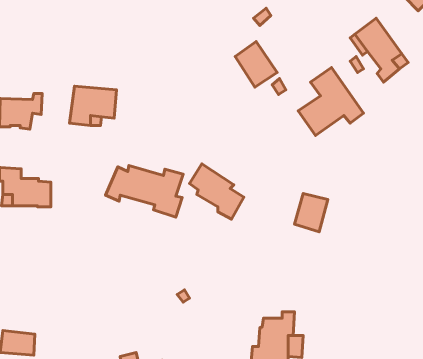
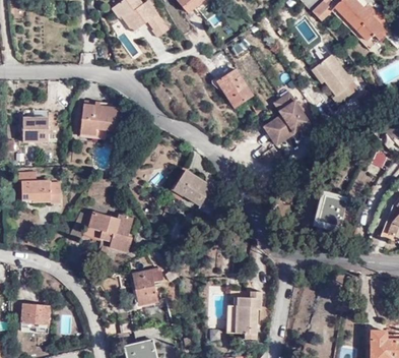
building: [105,165,183,217] -> [69,210,133,252]
building: [294,193,328,232] -> [318,193,345,225]
building: none -> [133,271,162,307]

